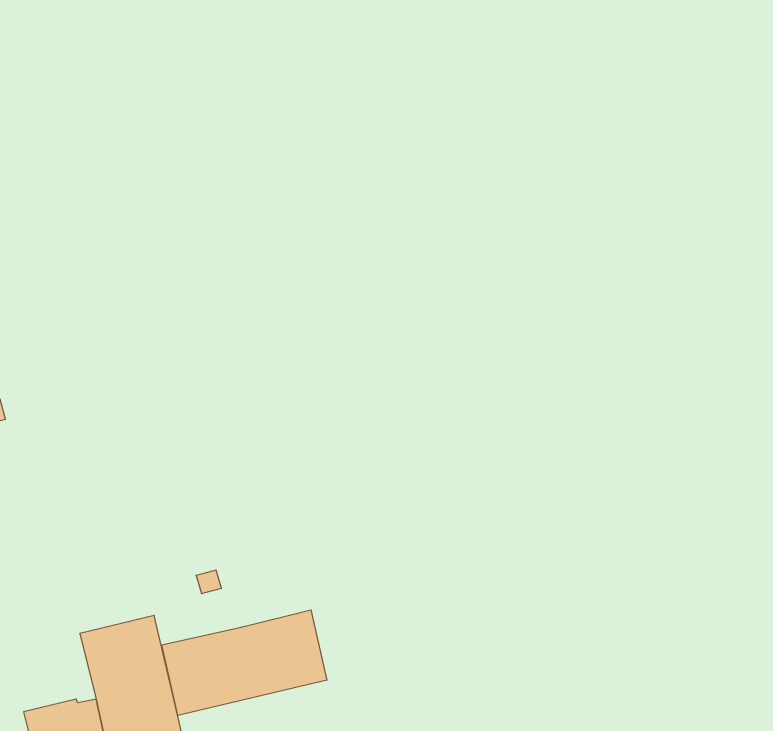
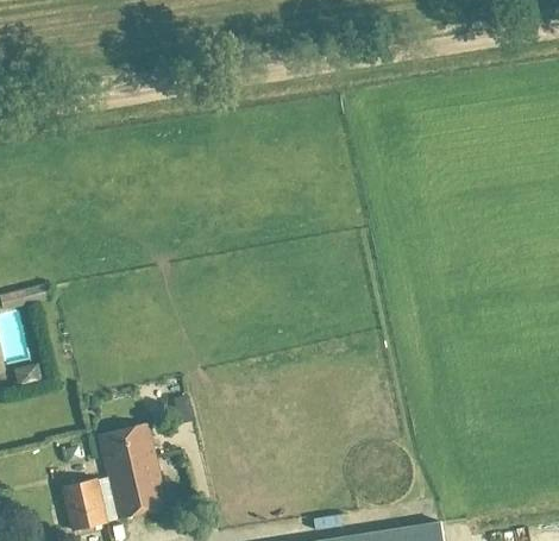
building: [162,610,327,715] -> none

